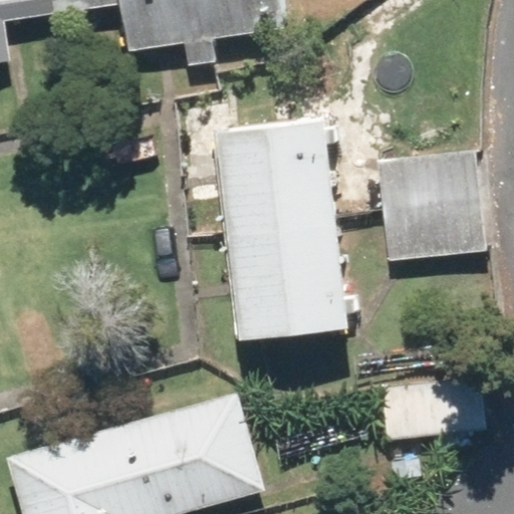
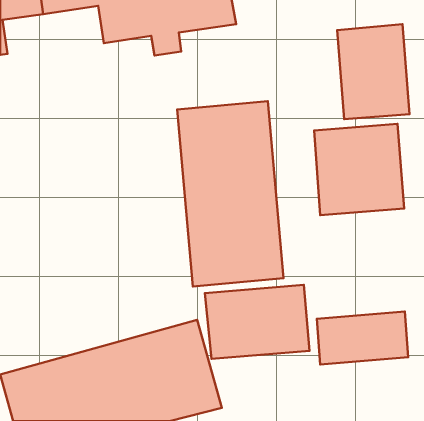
building: none -> [337,24,410,119]
building: none -> [205,285,309,359]

